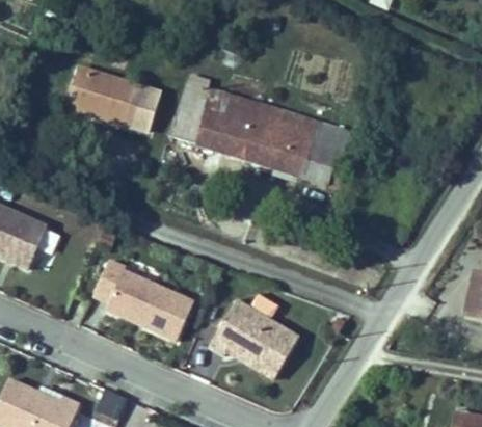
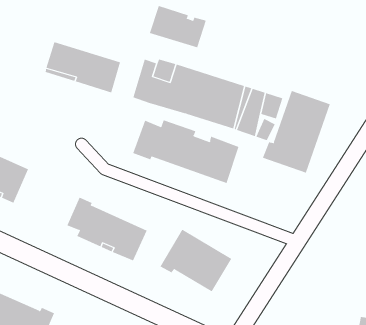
building: none -> [149,5,206,48]
building: none -> [262,90,331,174]
building: none -> [133,120,239,184]

